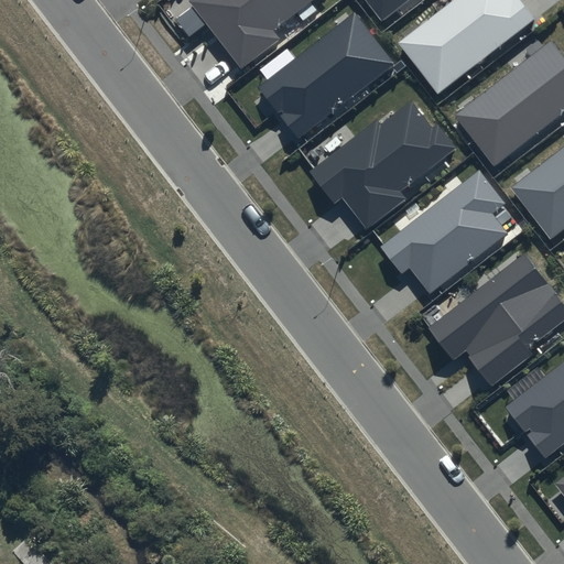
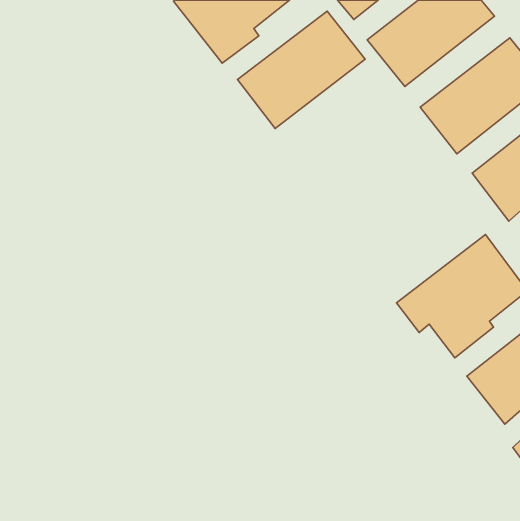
building: [311,102,455,230] -> none
building: [381,172,510,294] -> none

